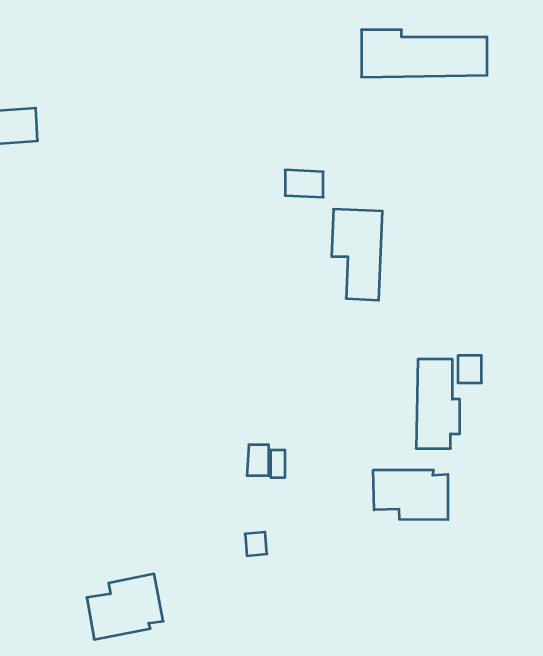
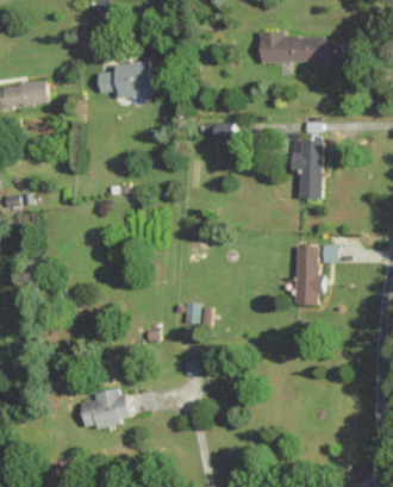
building: none -> [95,61,152,99]
building: [332,209,382,300] -> [288,141,322,200]
building: [373,470,448,520] -> none

